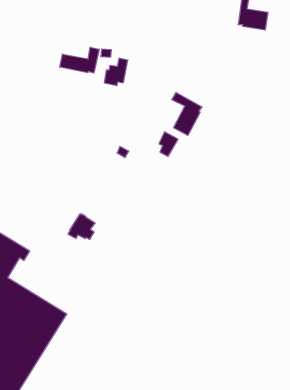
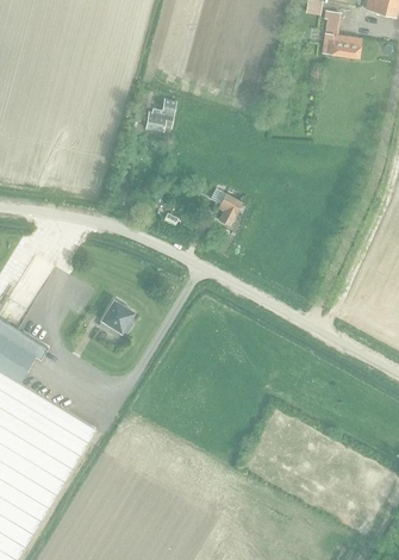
building: [60,47,99,73] -> none
building: [172,92,202,135] -> none

